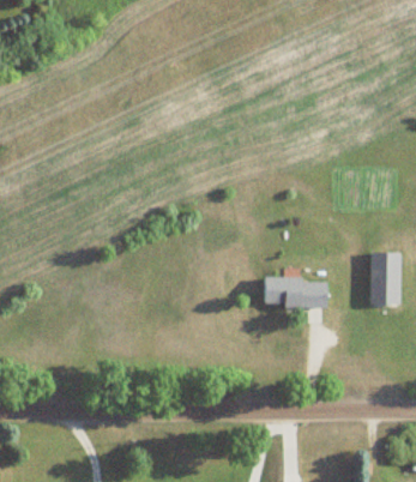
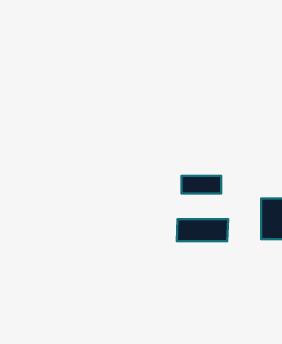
building: none -> [182,176,221,194]

